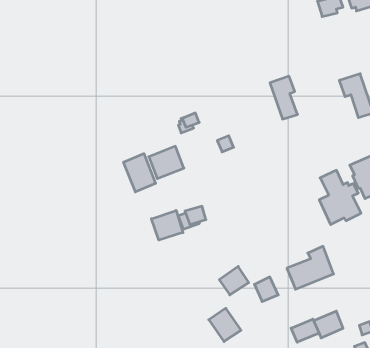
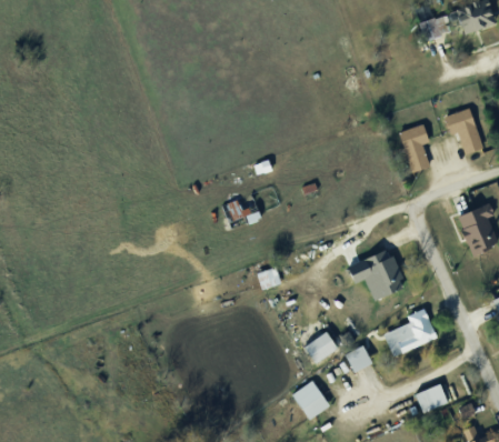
building: [270,76,298,119] -> [400,122,432,172]
building: [124,154,156,192] -> none
building: [319,170,361,225] -> [351,238,400,301]
building: [151,210,183,240] -> none
building: [291,319,319,342] -> none

